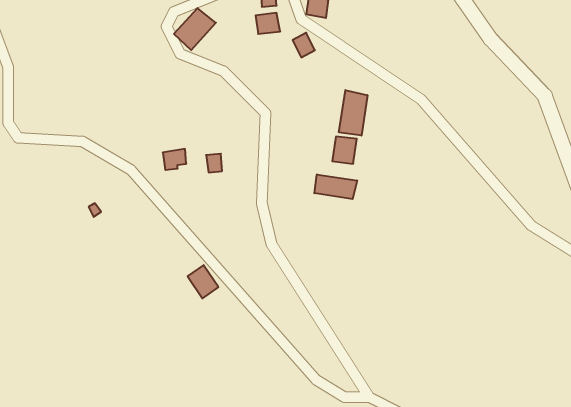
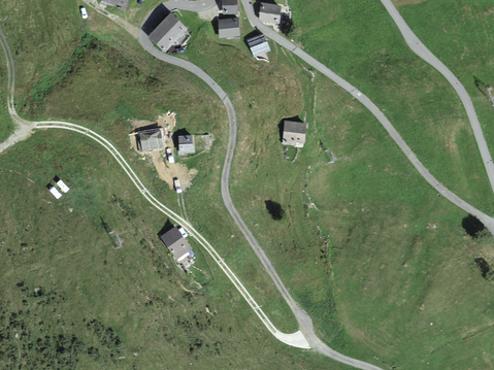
building: [339,90,367,136] -> none
building: [314,174,357,199] -> none

